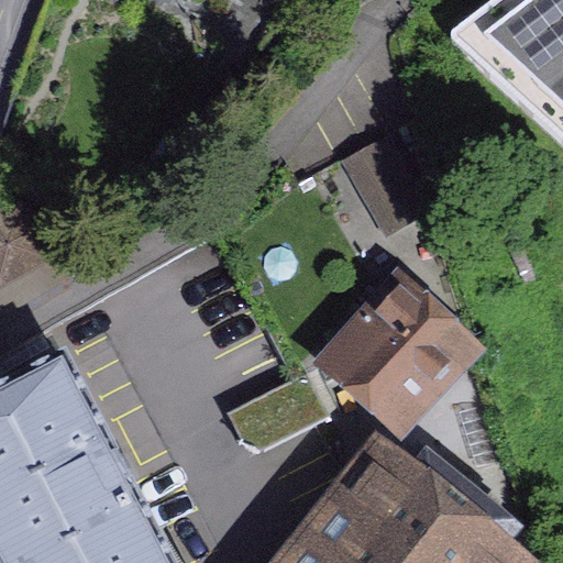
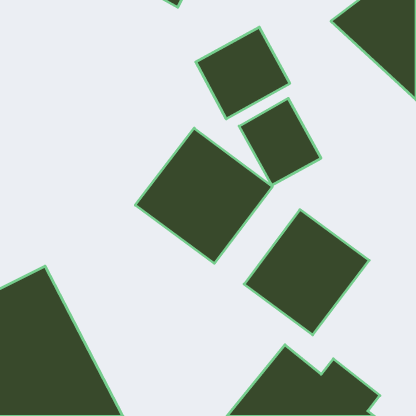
building: none -> [196,27,290,119]
building: none -> [135,128,272,263]

